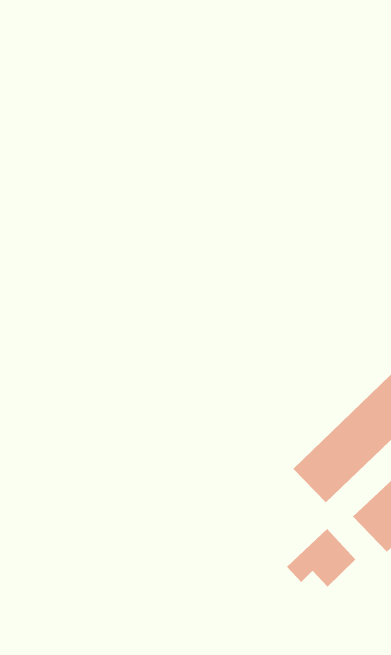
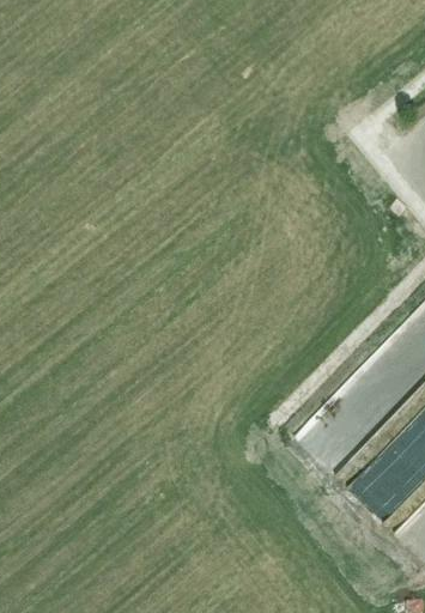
building: [286,528,356,587] -> none

